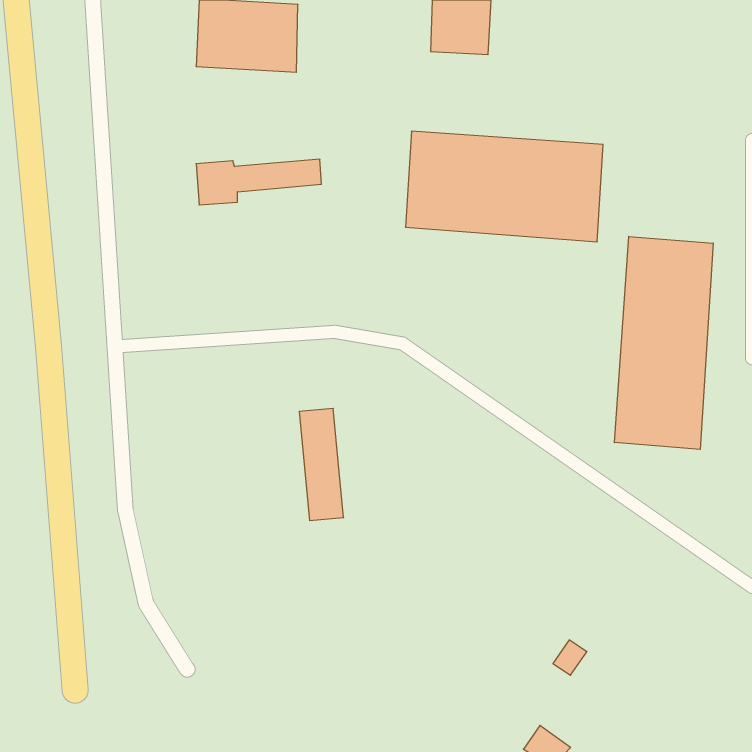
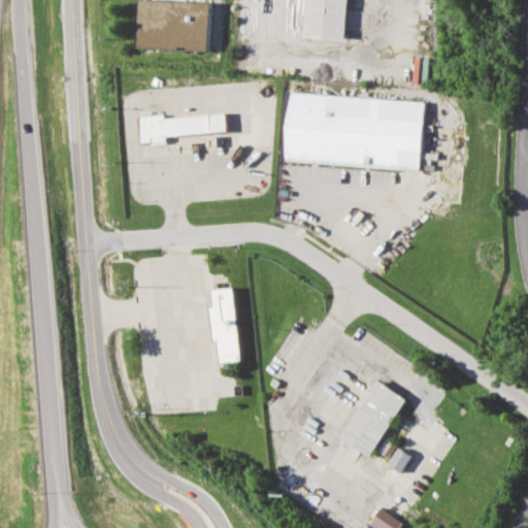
building: [614,236,713,449] -> none
building: none -> [334,380,404,458]

